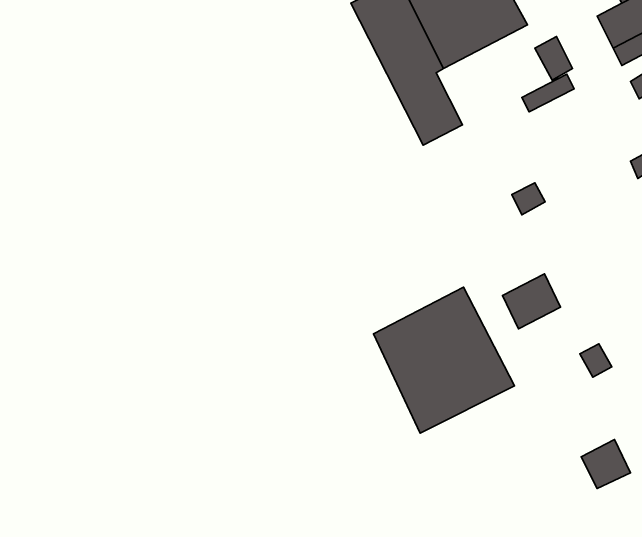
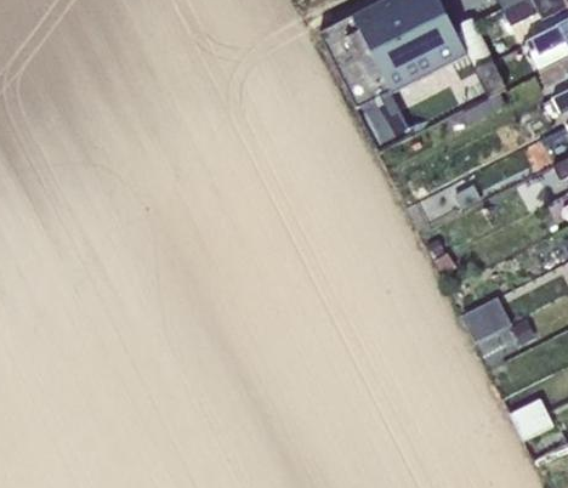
building: [502,274,560,329] -> [462,295,511,341]
building: [374,287,515,433] -> none

